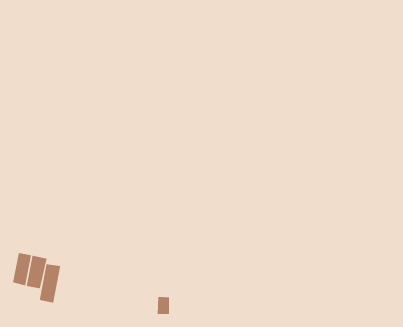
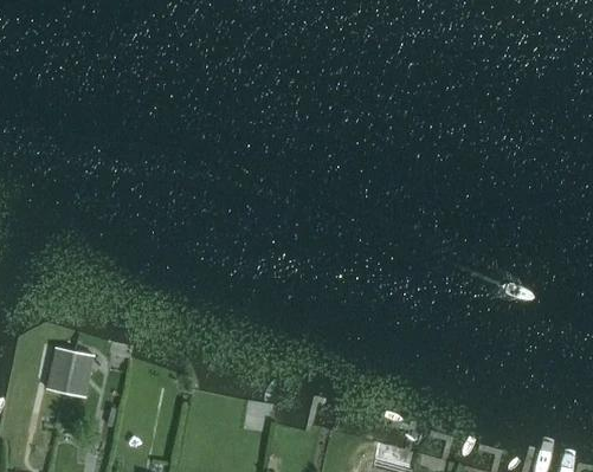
building: [39,264,61,303] -> none

